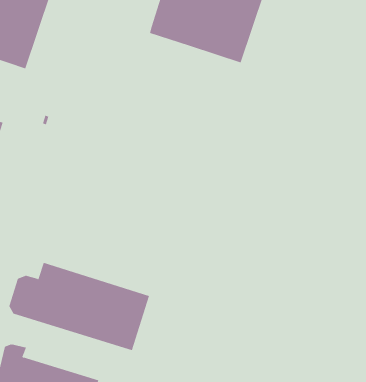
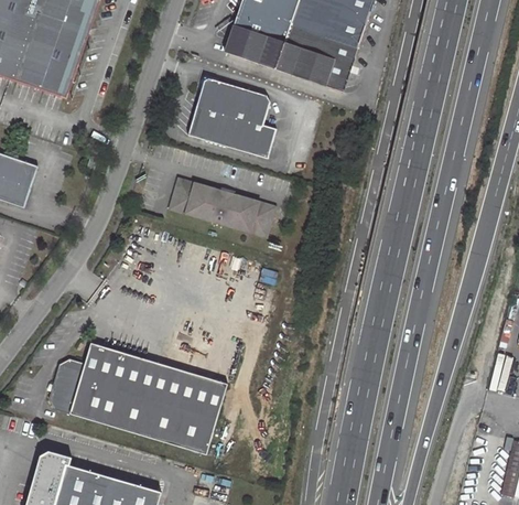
building: none -> [185,77,275,159]
building: none -> [169,175,275,235]

